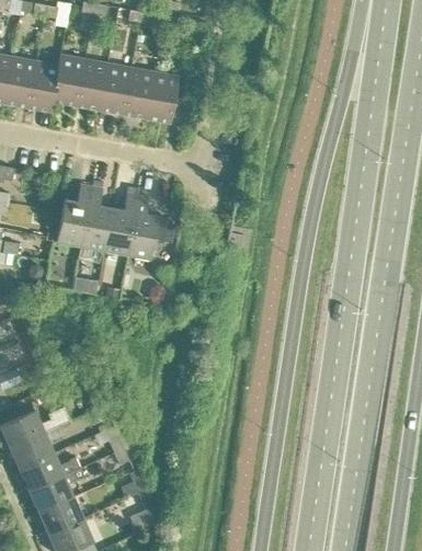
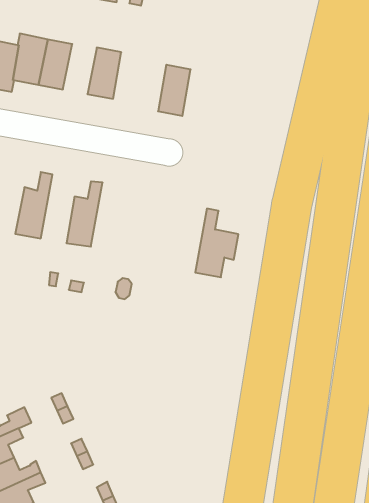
building: [100,64,132,111] -> none
building: [147,71,178,119] -> [158,65,191,116]
building: [79,186,111,251] -> none
building: [126,194,167,259] -> [195,209,238,277]

